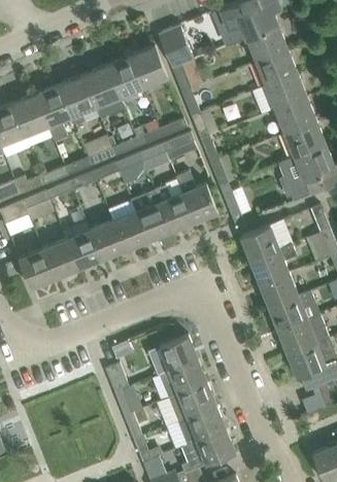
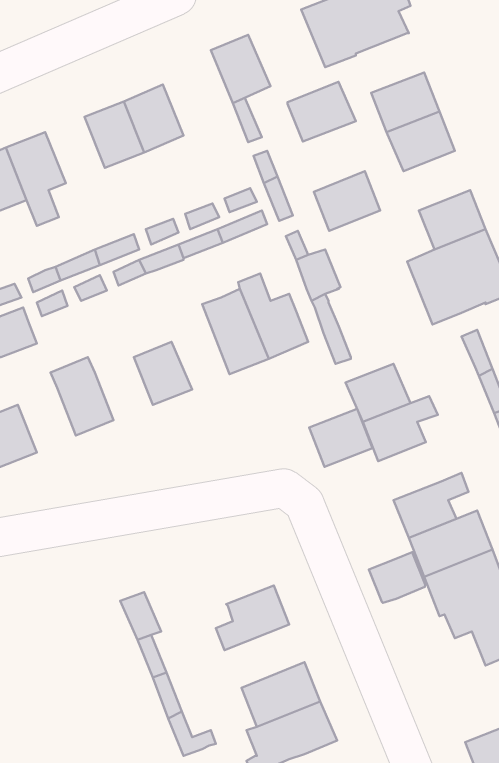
building: [246,26,288,62] -> [287,82,356,141]
building: [130,47,167,88] -> none
building: [59,76,95,125] -> none
building: [275,97,315,133] -> [314,171,380,231]
building: [130,190,170,241] -> none
building: [89,221,124,260] -> none
building: [42,240,77,279] -> none
building: [260,273,298,308] -> [309,409,372,467]
building: [159,336,197,371] -> none
building: none -> [369,552,425,603]
building: [167,383,215,421] -> none

